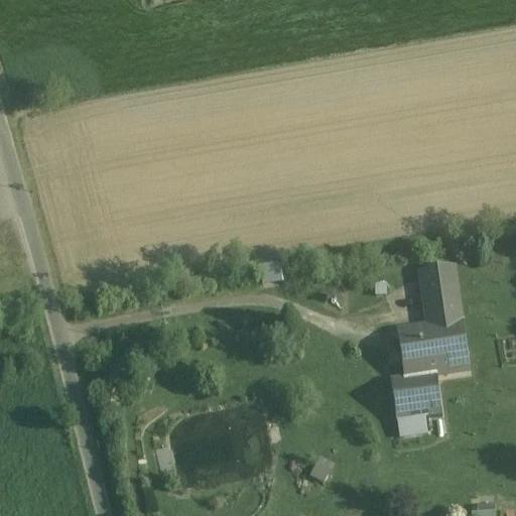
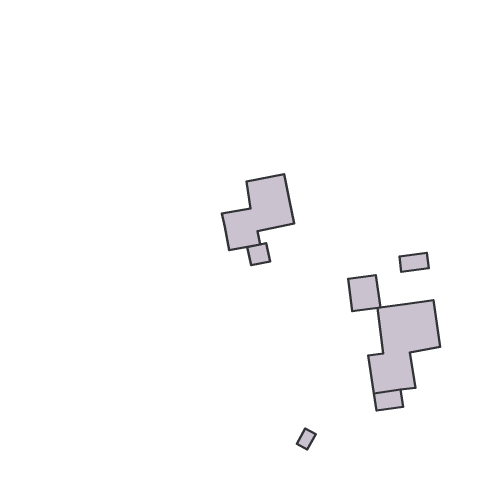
building: none -> [222,174,294,250]
building: [425,284,460,322] -> [348,275,381,311]

